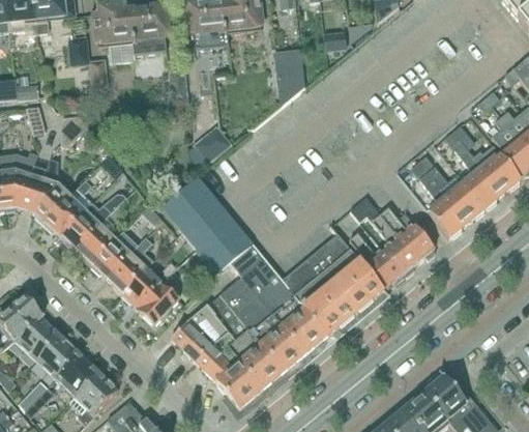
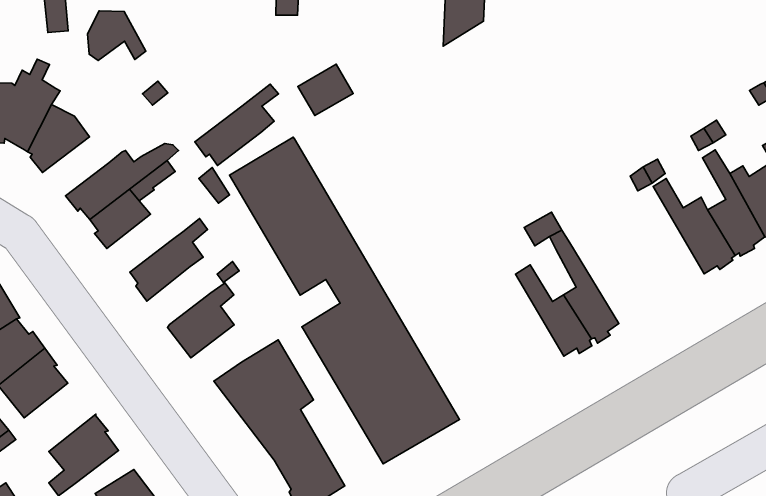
building: [418,172,467,236] -> none
building: [43,179,91,235] -> [195,84,279,165]
building: [380,208,435,261] -> none
building: [282,224,385,337] -> none
building: [91,238,130,277] -> none
building: [121,267,160,306] -> none
building: [208,295,285,390] -> none
building: [56,352,100,397] -> none

